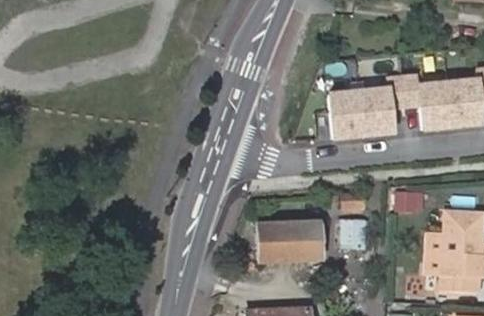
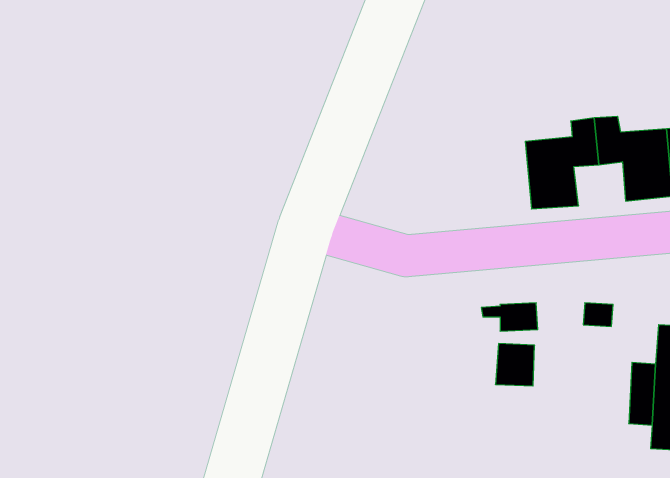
building: [330,91,363,137] -> none
building: [258,222,320,262] -> none

